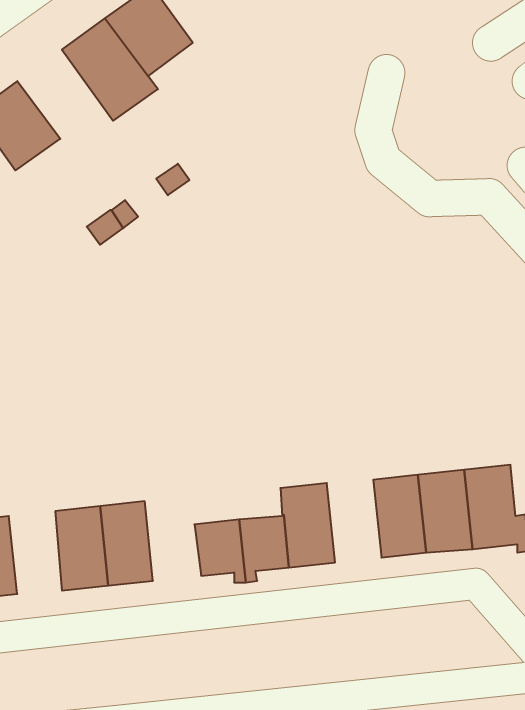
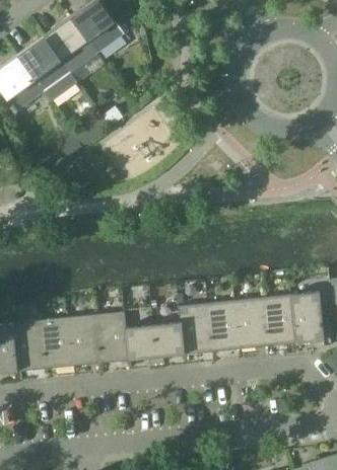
building: none -> [16,36,75,99]
building: none -> [206,300,240,350]
building: none -> [94,311,129,362]
building: none -> [11,319,44,370]

